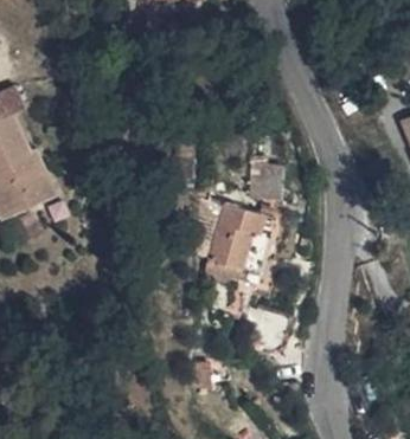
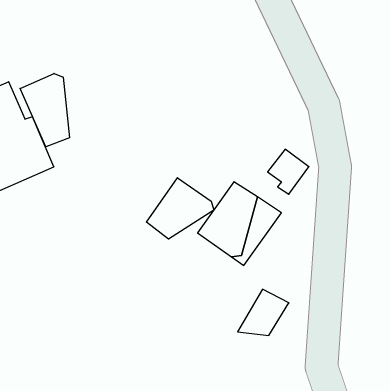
building: none -> [20,73,70,147]
building: none -> [146,178,214,239]

